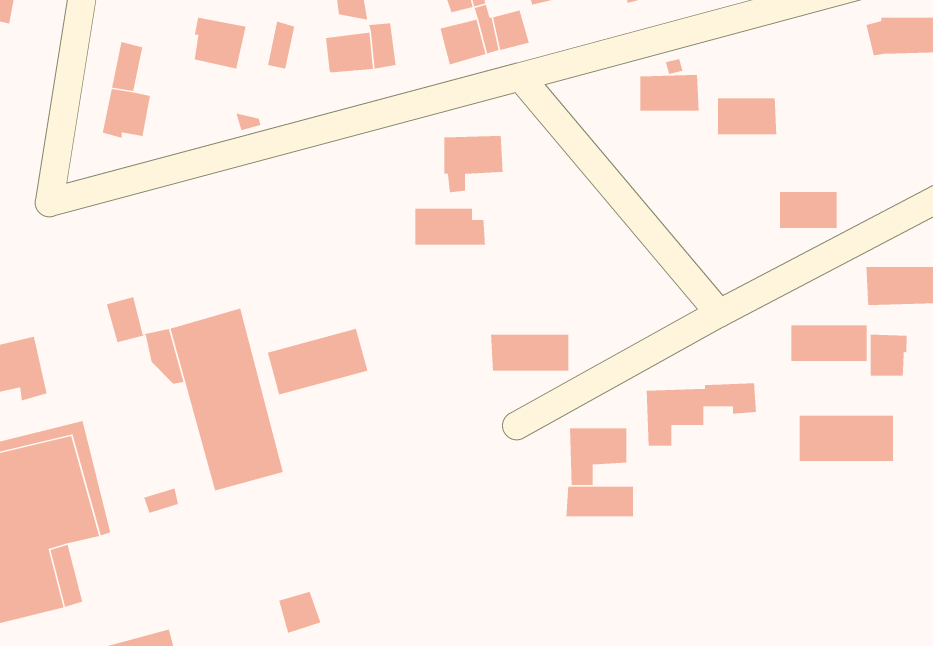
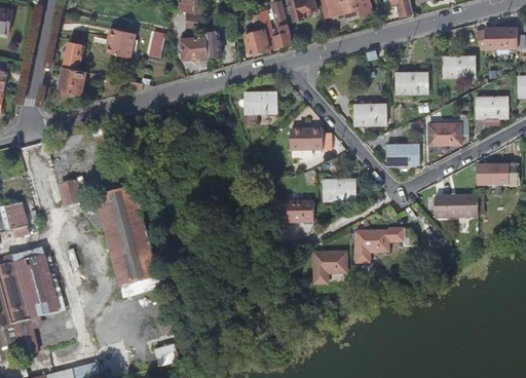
building: none -> [442,55,475,77]
building: [640,74,700,112] -> [353,104,386,124]
building: none -> [475,97,508,118]
building: [415,208,486,246] -> [290,129,329,150]
building: none -> [385,144,418,165]
building: none -> [323,180,354,201]
building: [267,328,368,396] -> none
building: [870,334,908,377] -> none
building: [799,415,894,462] -> none
building: [565,486,634,517] -> none

